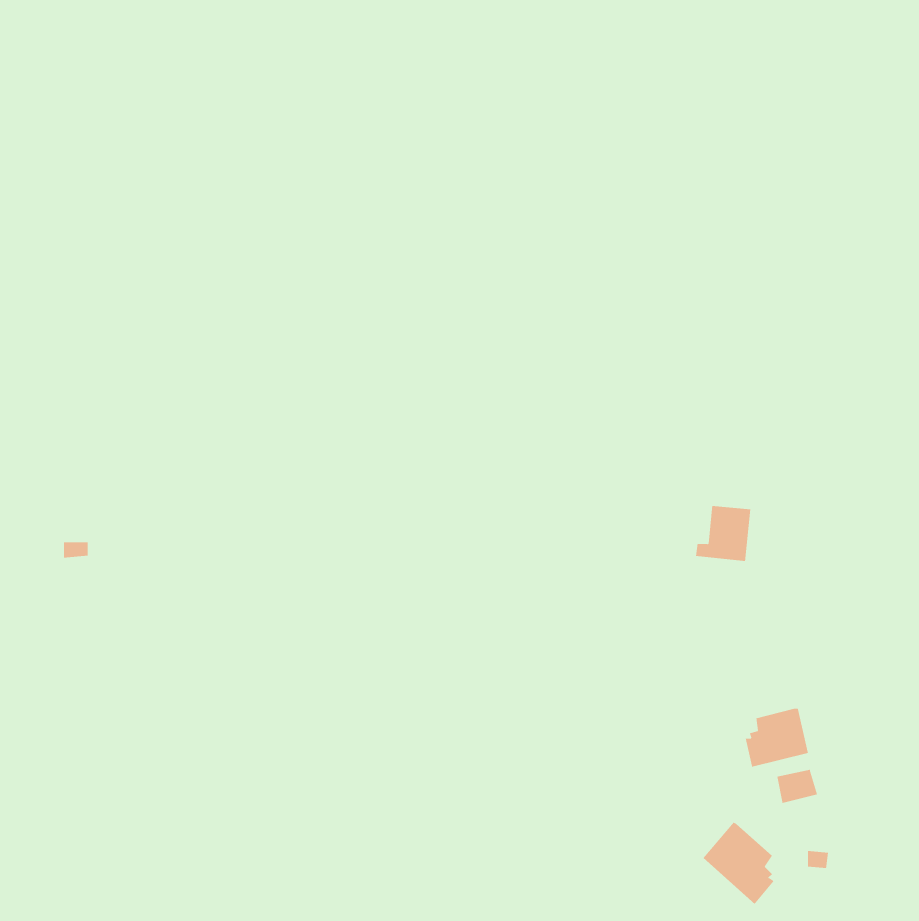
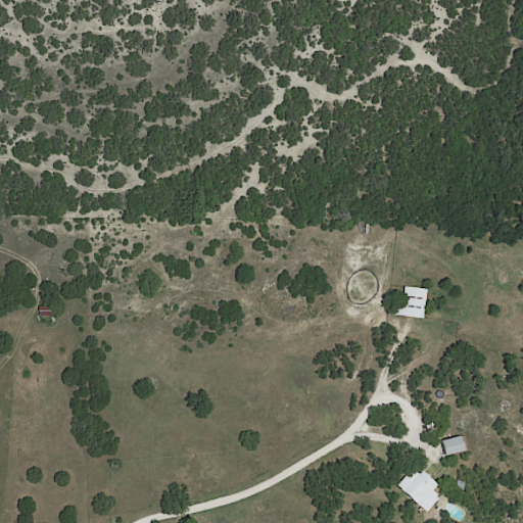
building: [745,708,809,768] -> none

